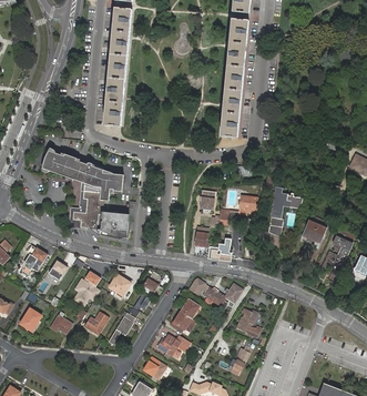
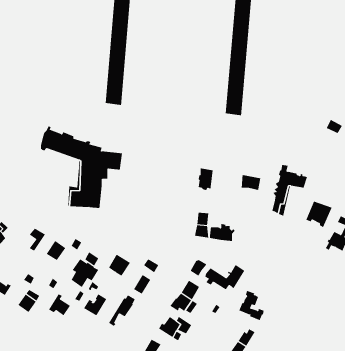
building: [90,206,129,235] -> none

